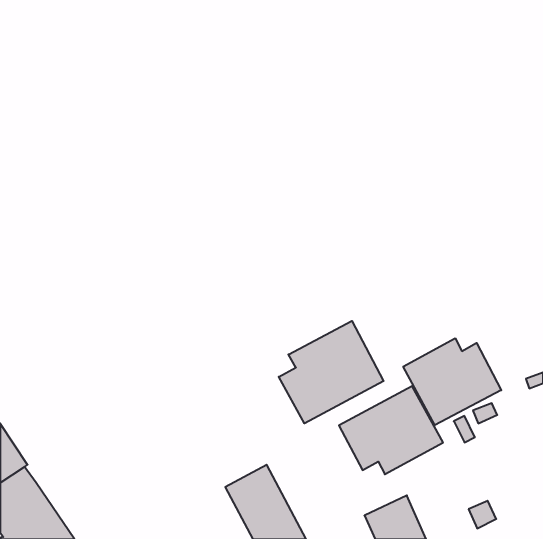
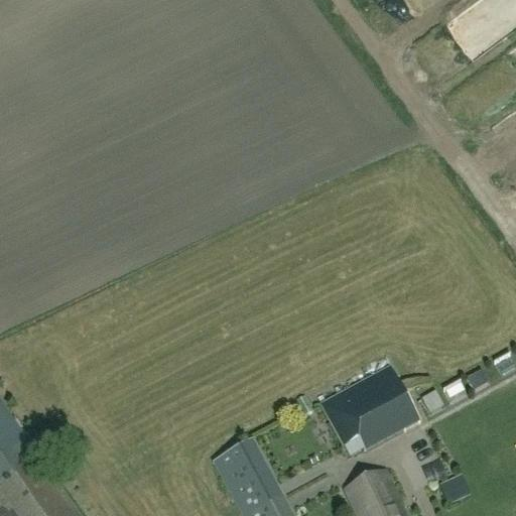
building: [279,321,384,423] -> none
building: [403,338,501,425] -> none

